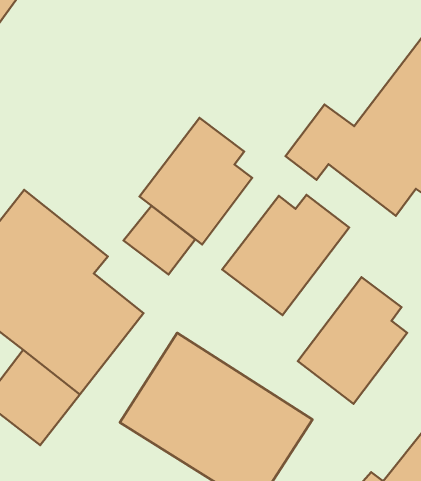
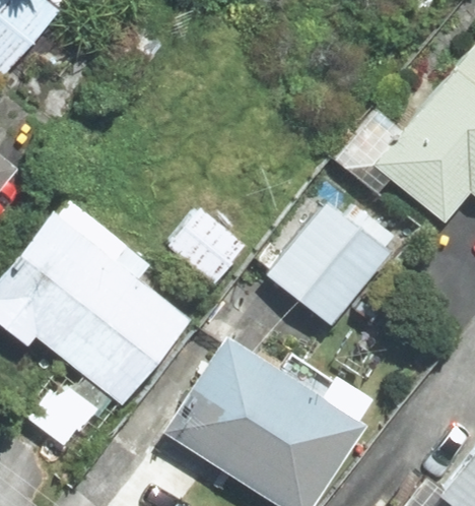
building: [139,118,252,245] -> none
building: [298,277,407,404] -> none

